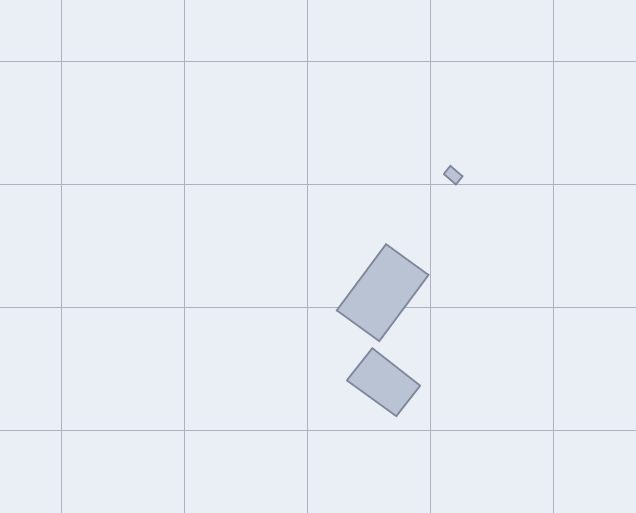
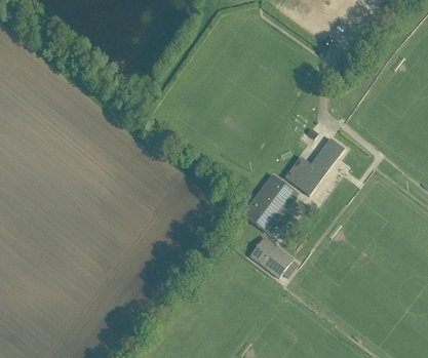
building: none -> [285,136,345,195]

